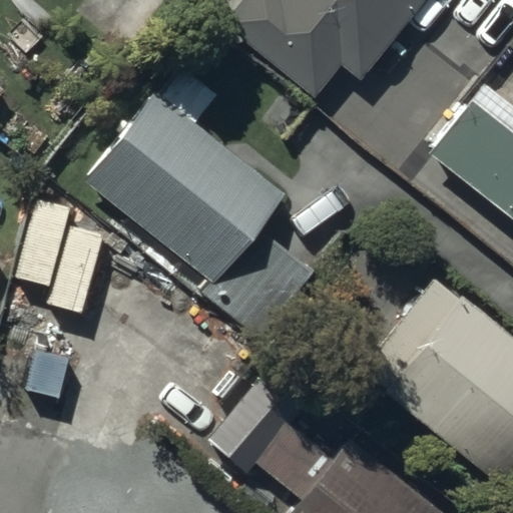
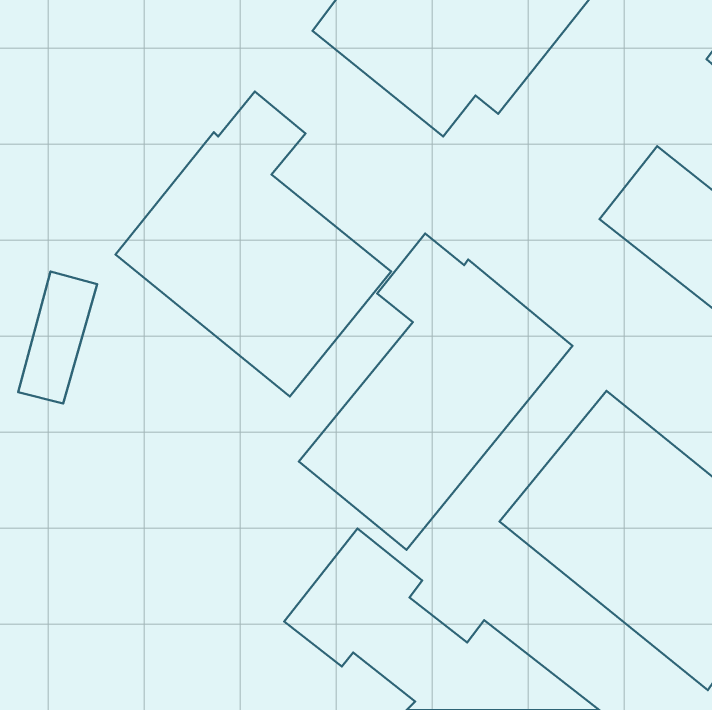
building: none -> [299,233,573,550]

